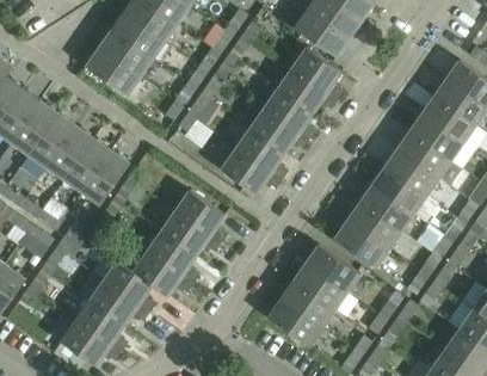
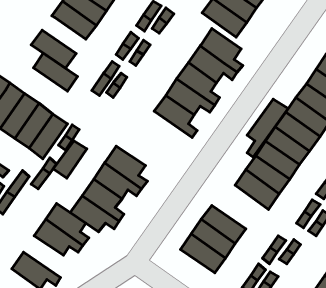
building: [98,31,152,78] -> [33,53,77,91]
building: none -> [247,99,288,157]
building: [221,148,282,193] -> none
building: none -> [53,141,87,178]
building: [306,245,359,292] -> none
building: [75,301,127,352] -> none

